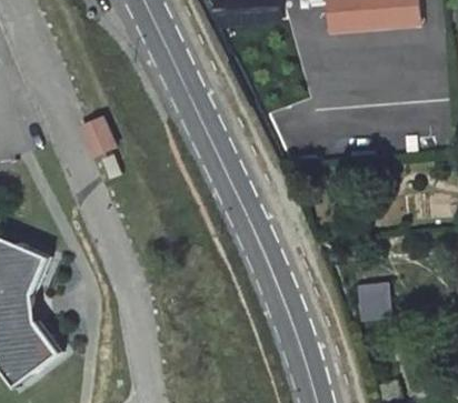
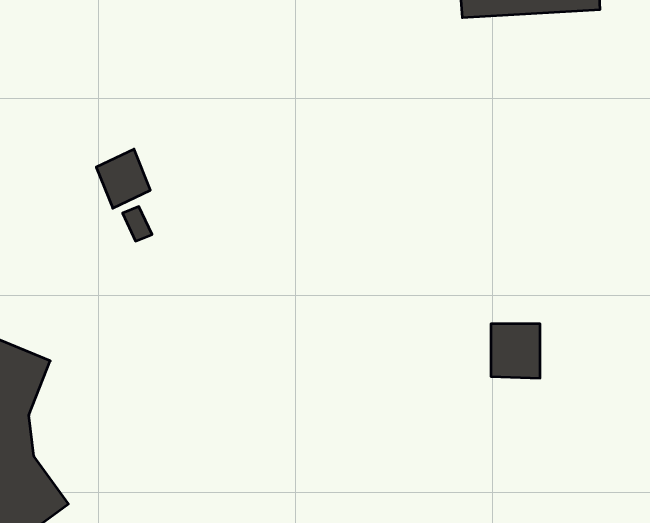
building: [357,281,390,318] -> [491,324,540,378]

